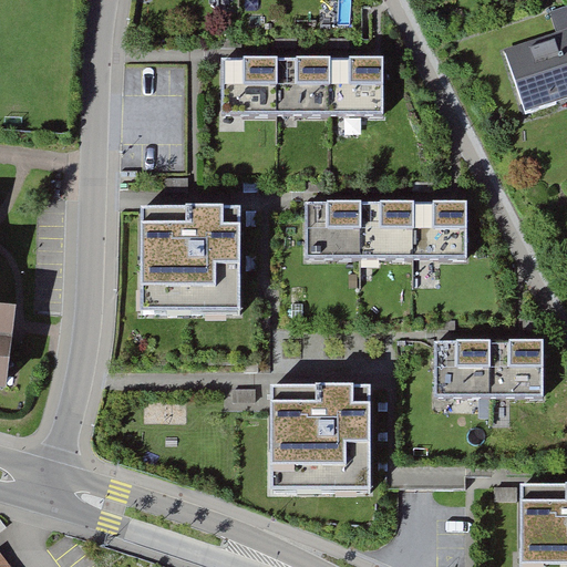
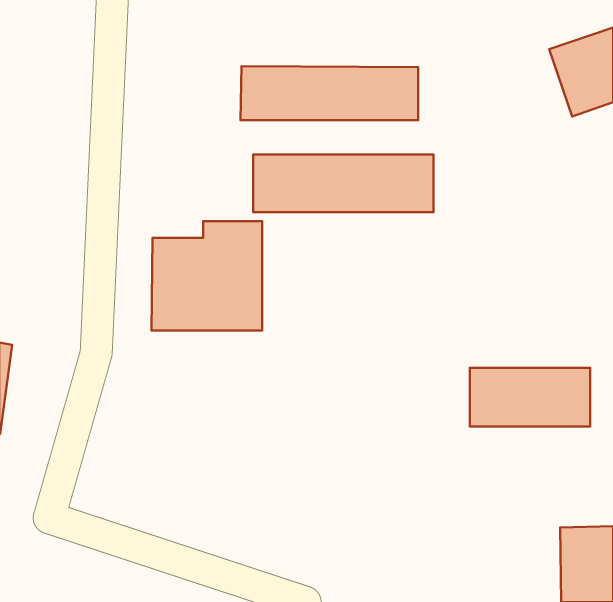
building: [305,203,471,256] -> [253,154,434,212]
building: [274,382,374,483] -> none

